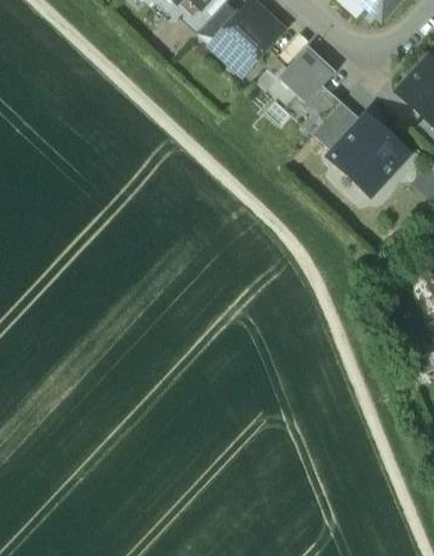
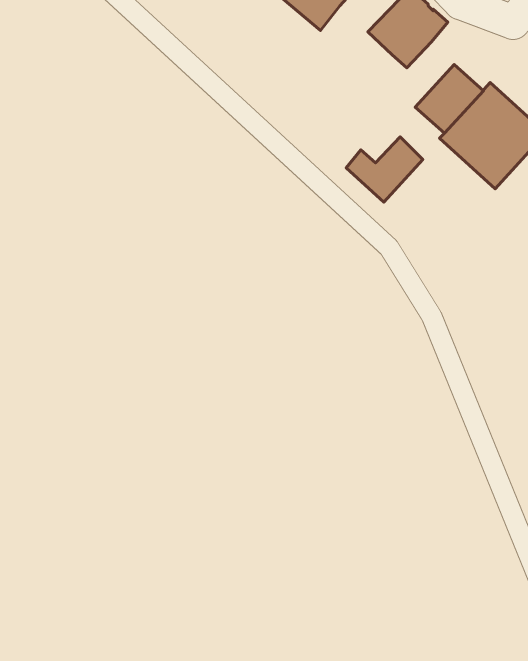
building: [285,84,341,132] -> [346,137,423,202]

